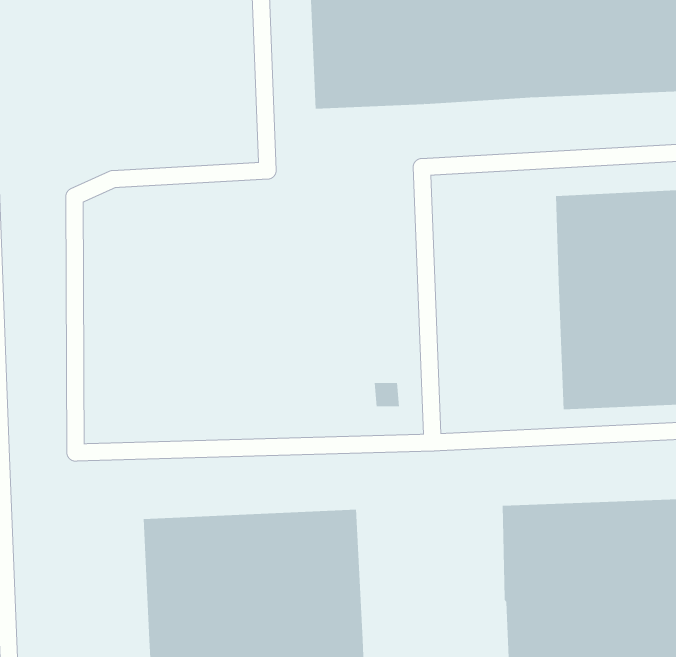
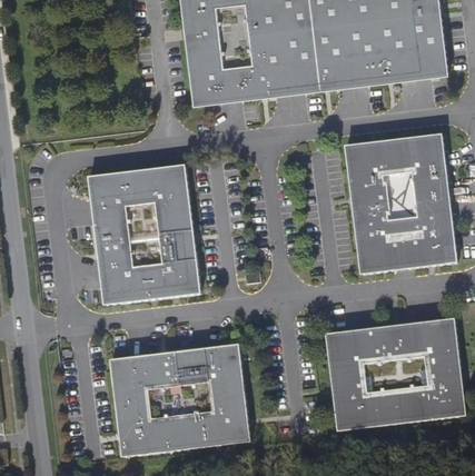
building: none -> [88,165,199,304]

